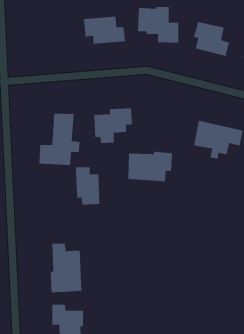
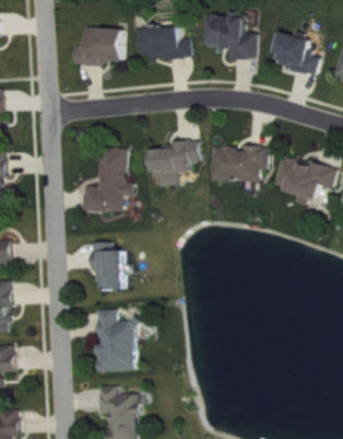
building: none -> [72,27,122,65]
building: [127,151,173,182] -> [211,145,268,183]
building: [75,167,100,205] -> [91,242,122,290]

